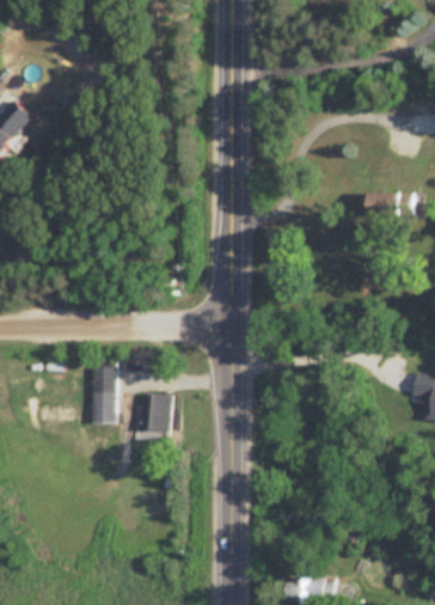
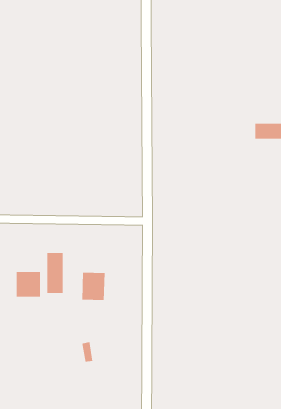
building: none -> [16,271,41,297]

